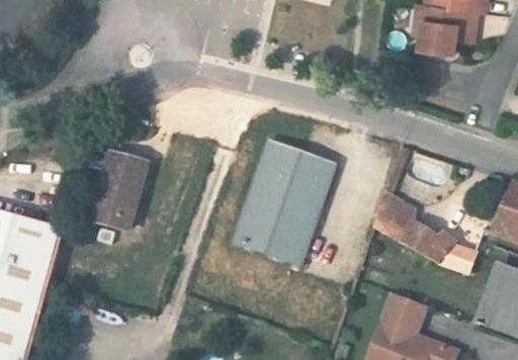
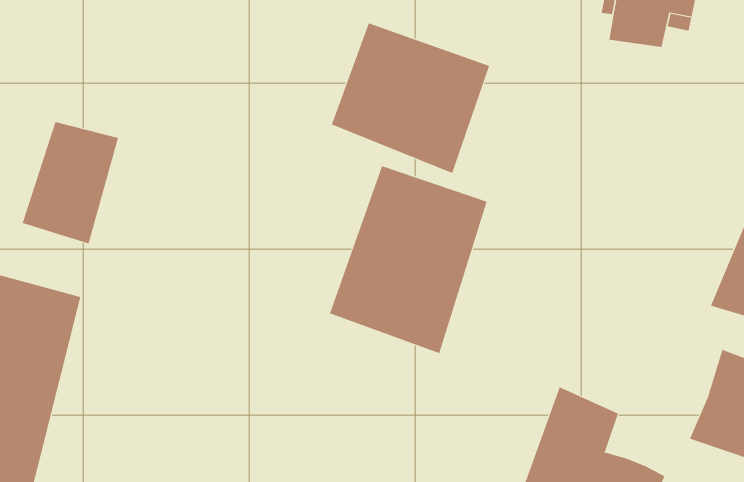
building: none -> [331,22,490,174]
building: [83,152,149,235] -> [22,122,119,244]
building: [386,192,488,273] -> none

